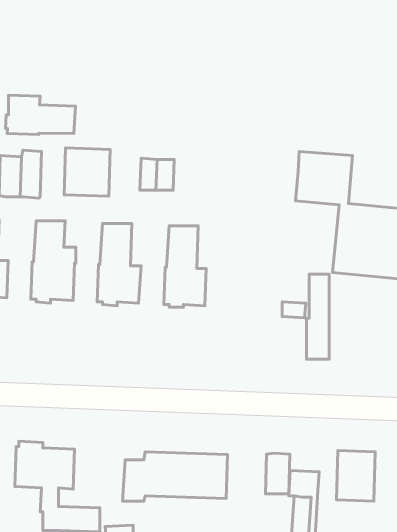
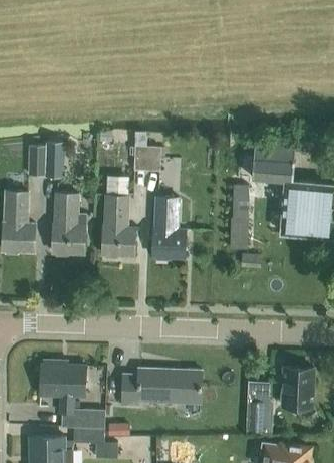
building: [5,95,76,135] -> none
building: [64,148,110,196] -> none
building: [306,274,329,359] -> [230,186,247,250]
building: [265,453,290,494] -> none

